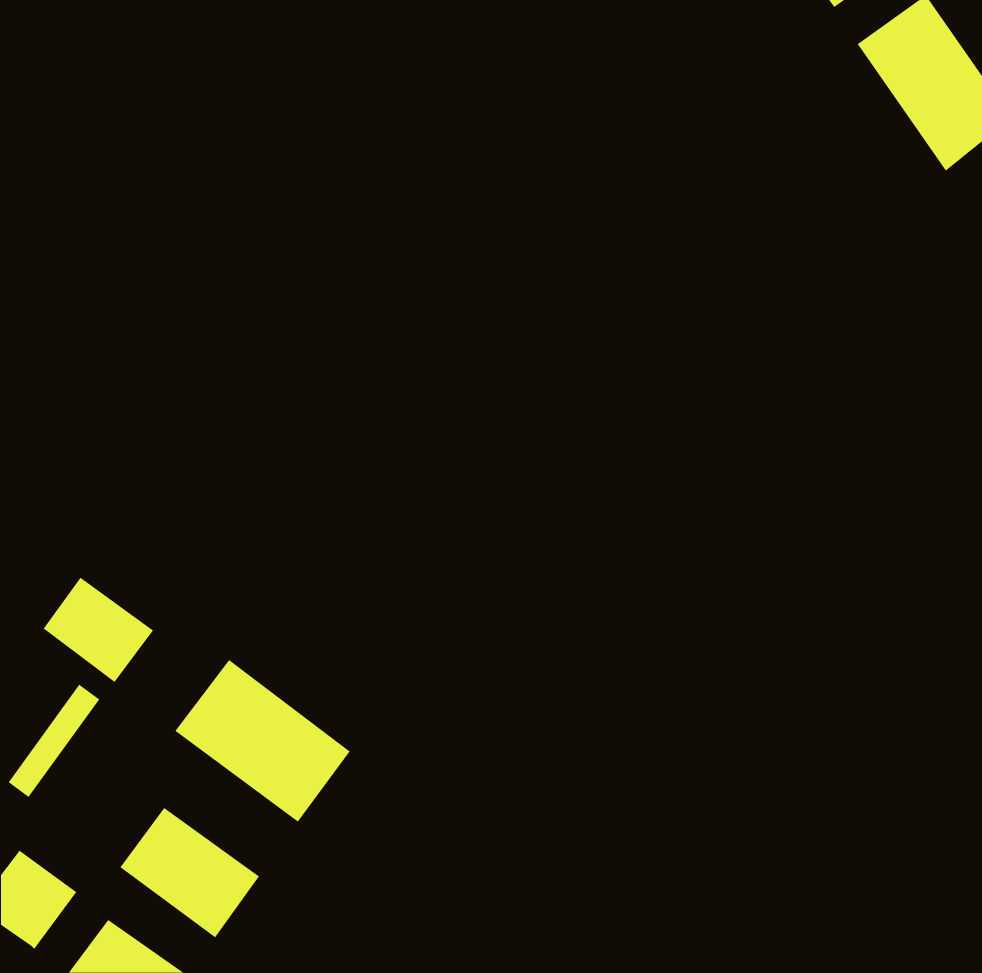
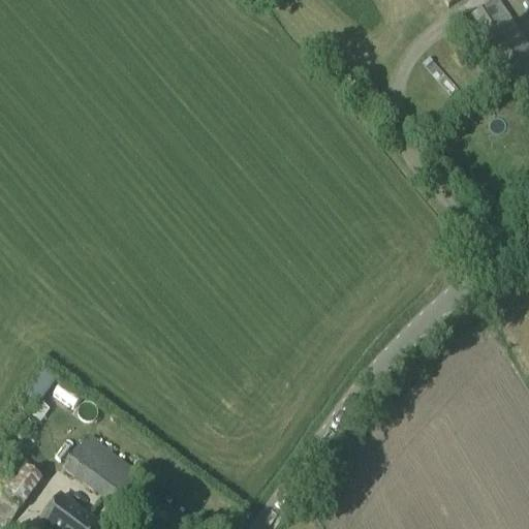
building: [43,577,154,683] -> none
building: [174,659,351,823] -> none

